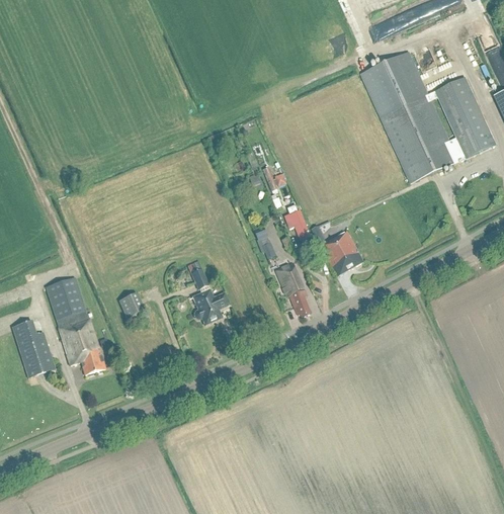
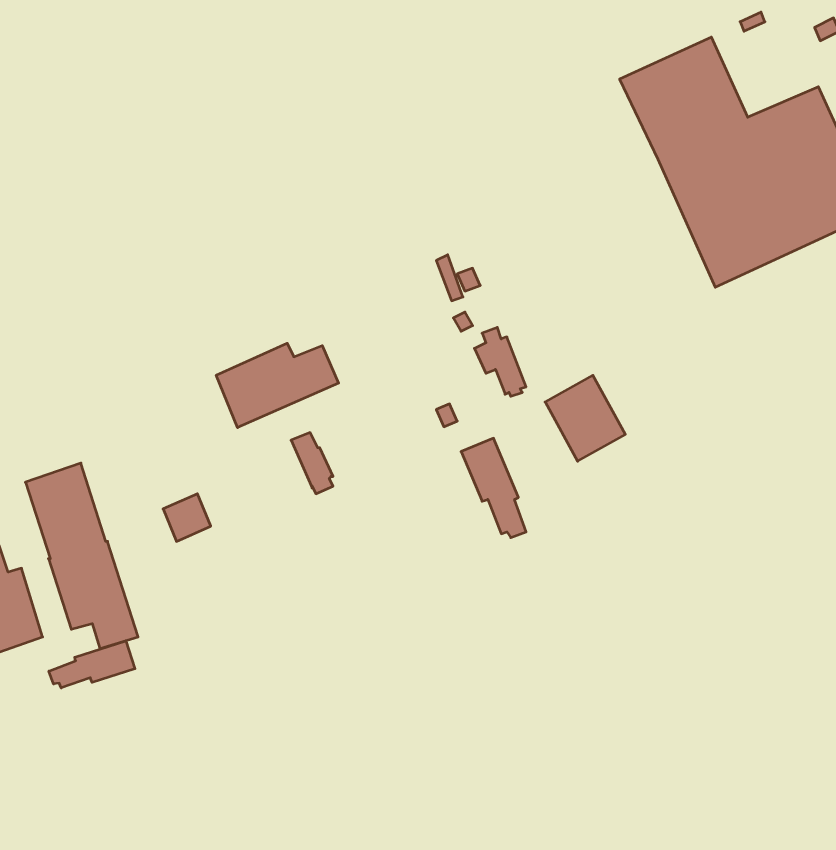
building: none -> [216,343,339,428]
building: [189,287,229,325] -> none
building: none -> [49,641,135,688]

